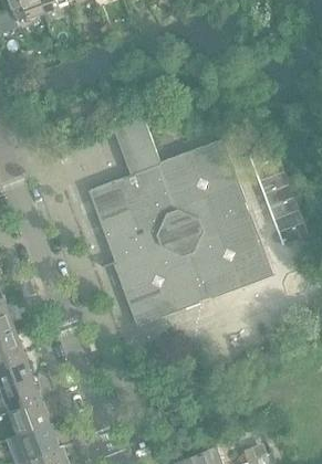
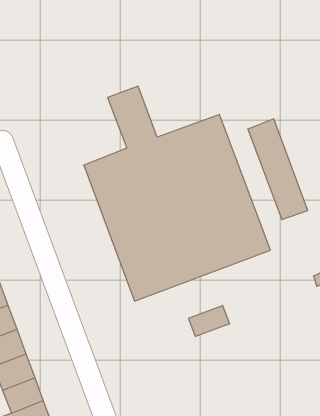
building: none -> [189,305,229,337]

